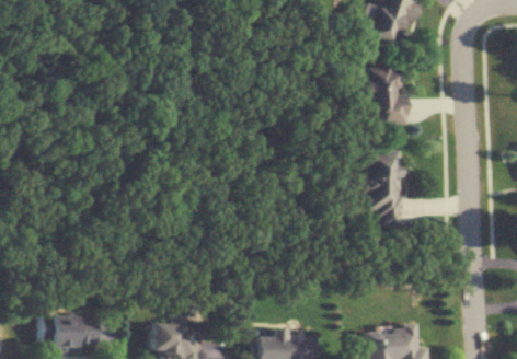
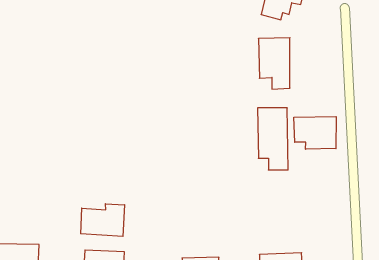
building: none -> [294,117,336,149]
building: none -> [81,204,125,236]

